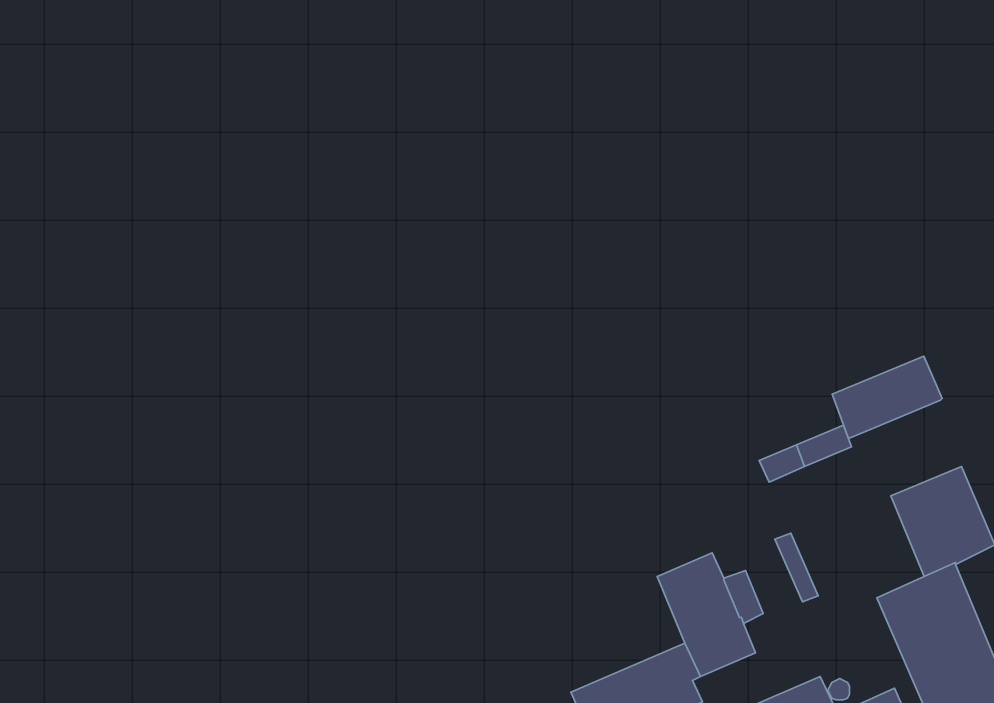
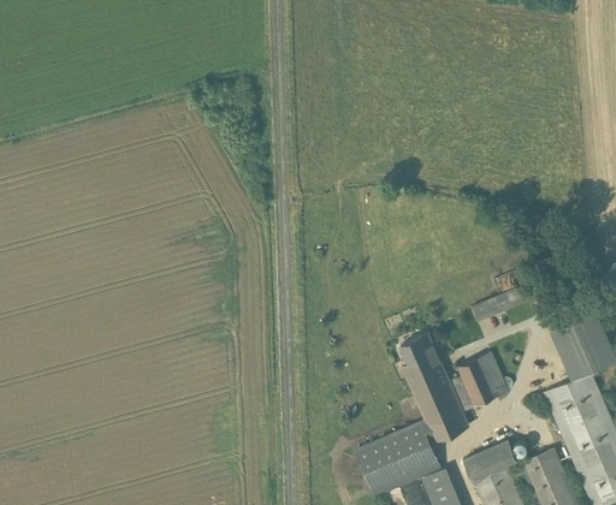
building: [832,356,942,438] -> none
building: none -> [401,332,442,379]
building: none -> [457,356,497,404]

